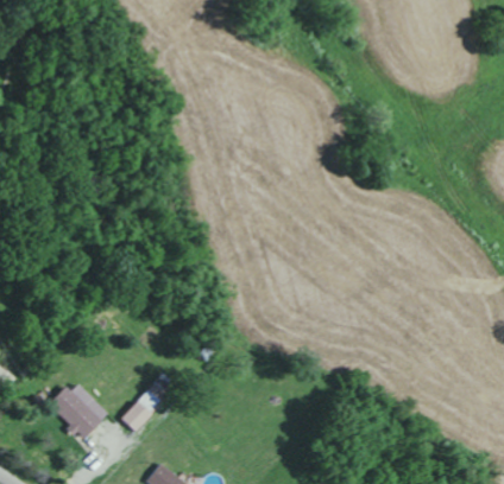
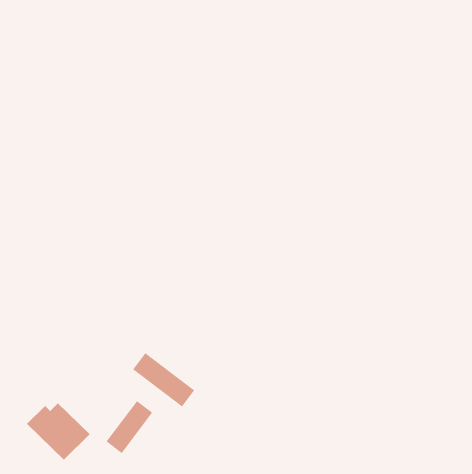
building: none -> [132,352,195,408]

